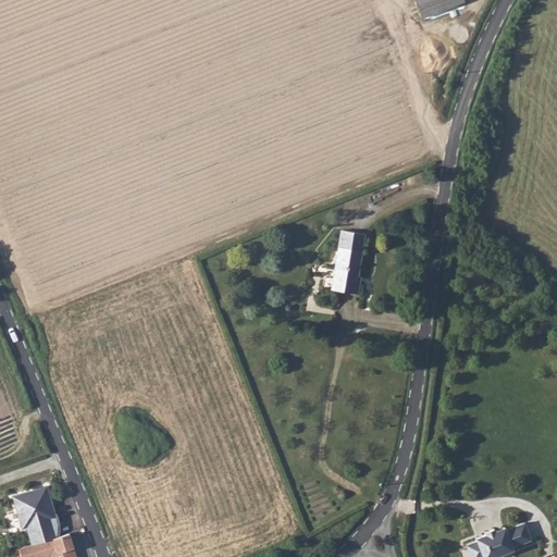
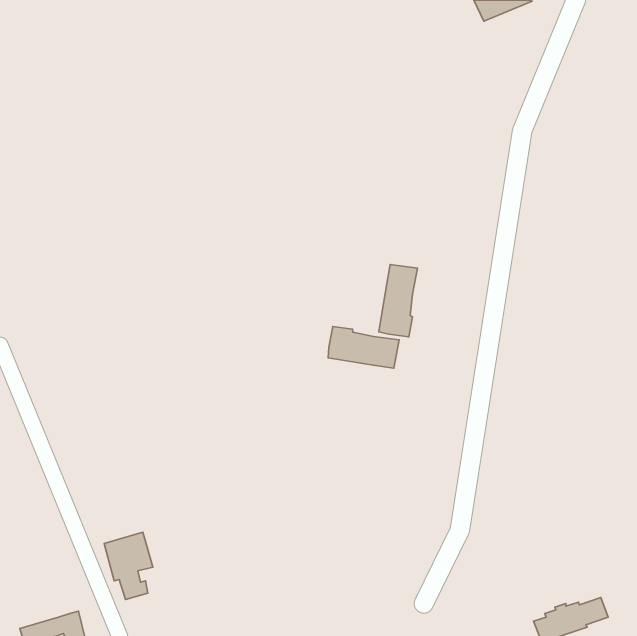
building: none -> [328,327,399,368]
building: [13,486,55,545] -> [104,532,153,599]

